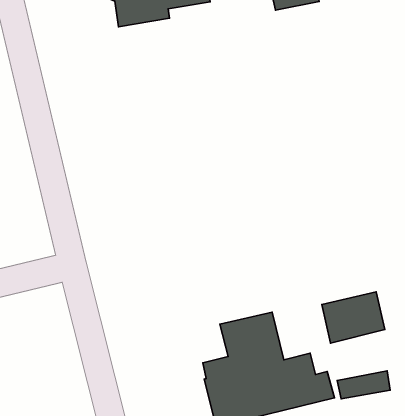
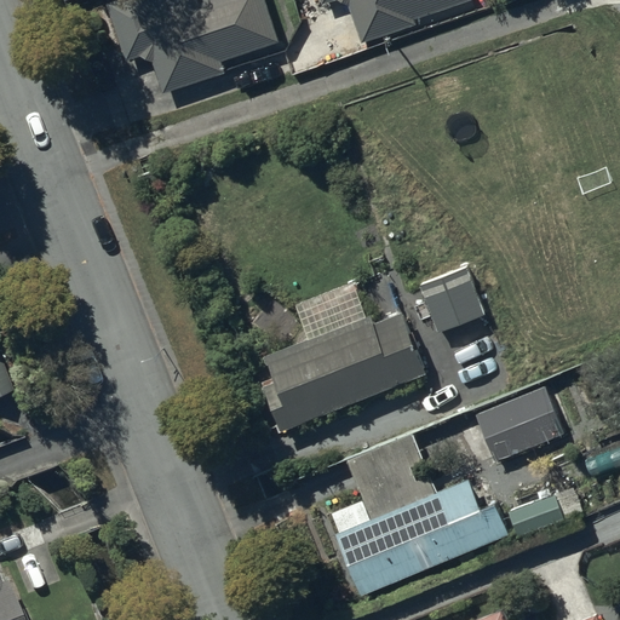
building: none -> [420,268,484,331]
building: none -> [264,312,425,429]

